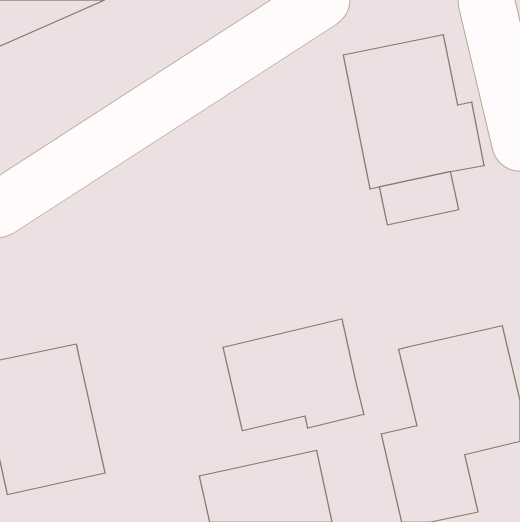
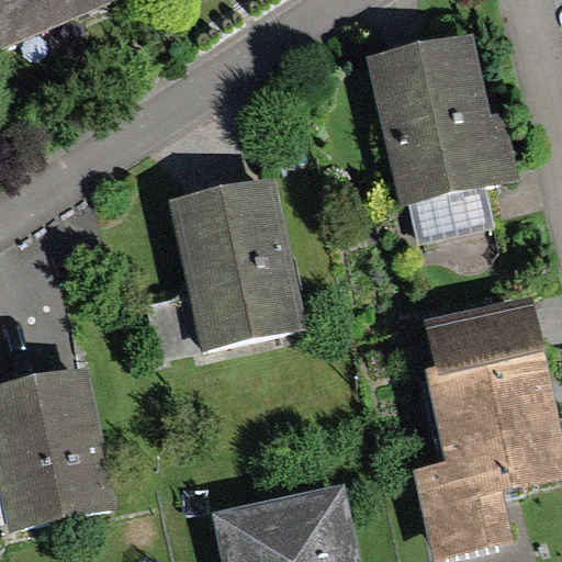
building: none -> [168,173,307,350]
building: none -> [426,296,540,373]
building: [223,319,364,431] -> none

